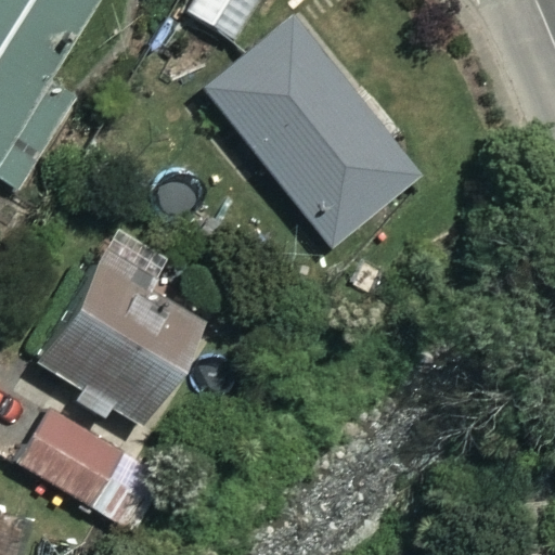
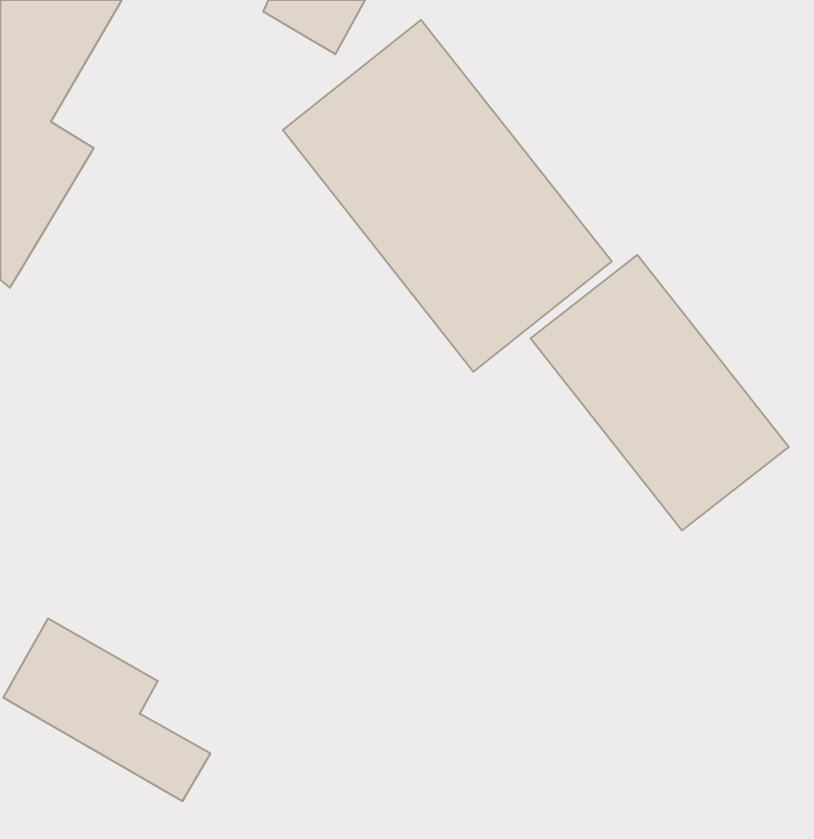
building: none -> [530,255,789,530]
building: [23,253,195,421] -> none

